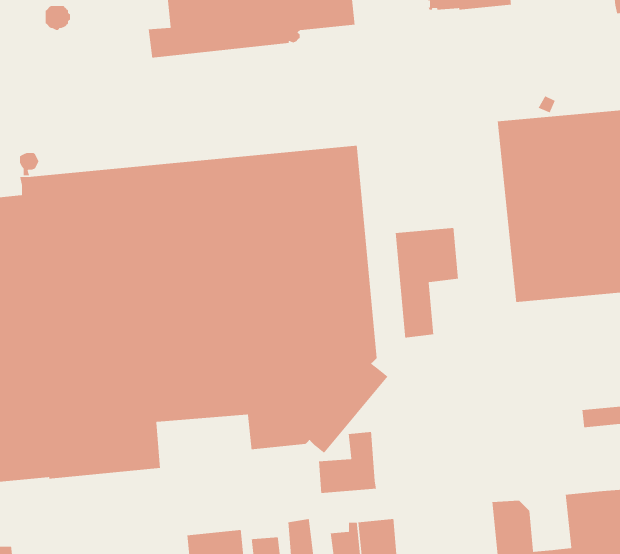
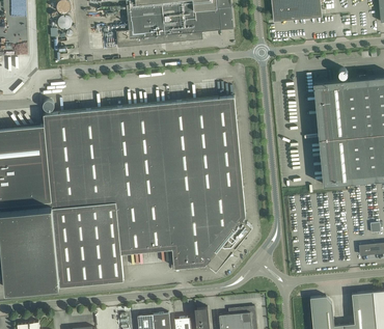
building: [395,227,459,338] -> none
building: [318,431,377,494] -> none

